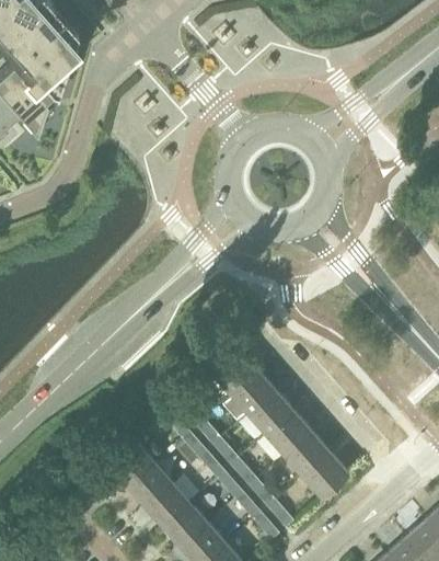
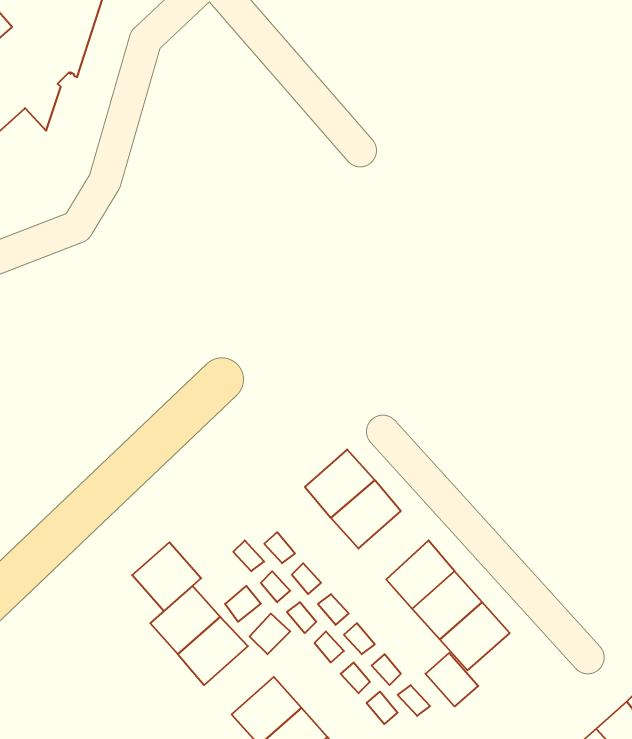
building: [247,391,294,437] -> none
building: none -> [132,542,201,611]
building: [143,482,190,528] -> none
building: none -> [425,653,478,706]

